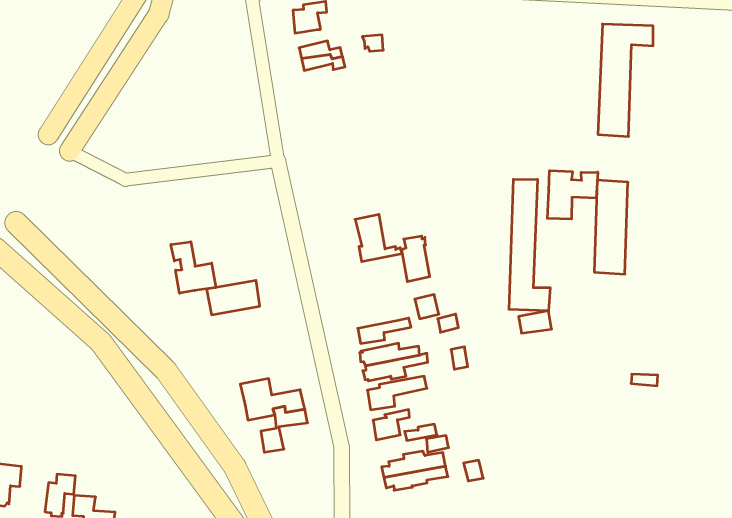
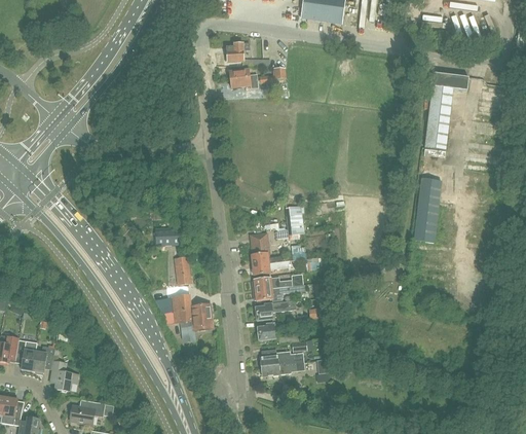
building: [547,171,598,219] -> none
building: [509,179,550,311] -> none
building: [355,214,402,262] -> [250,232,279,263]
building: [171,242,216,293] -> none
building: none -> [173,255,190,284]
building: none -> [15,338,36,369]

